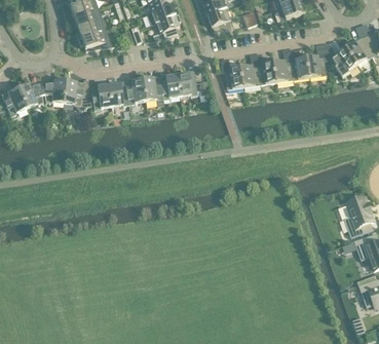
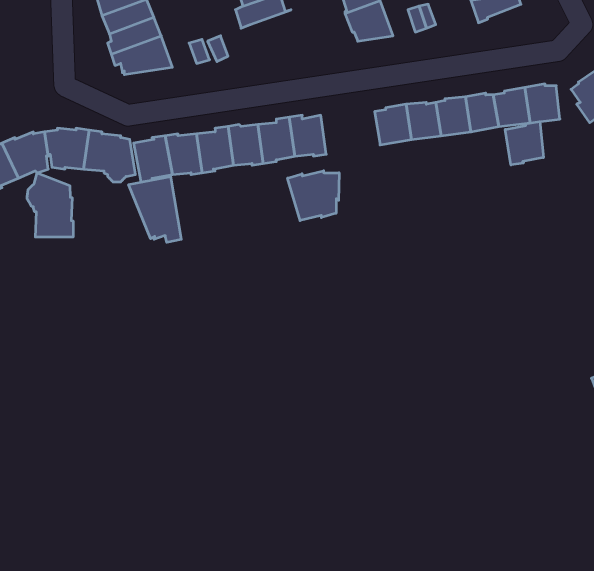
building: [155,13,181,38] -> none
building: none -> [505,122,543,165]
building: none -> [288,171,339,221]
building: none -> [27,173,73,237]
building: none -> [129,177,181,242]

